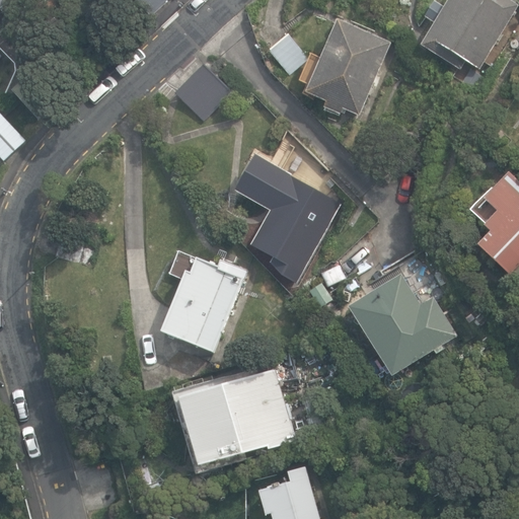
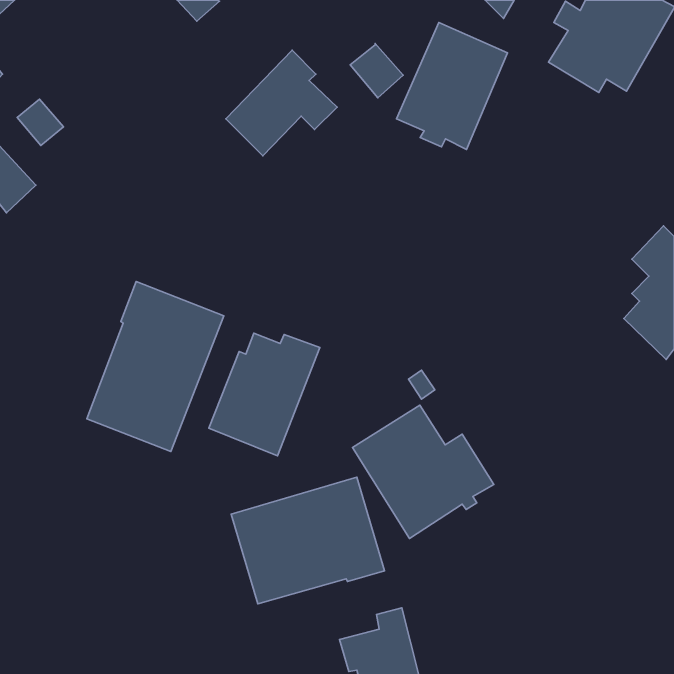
building: [232,152,340,272] -> none
building: none -> [87,281,224,452]
building: [350,276,458,378] -> [353,405,494,539]

